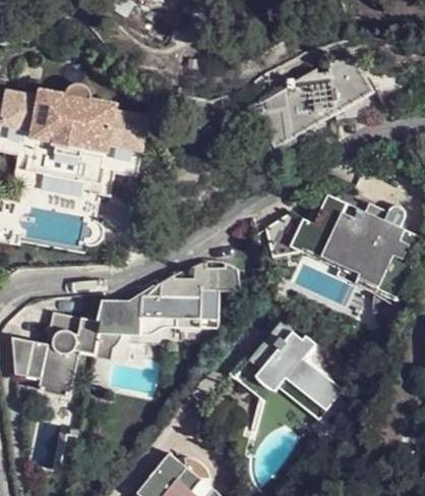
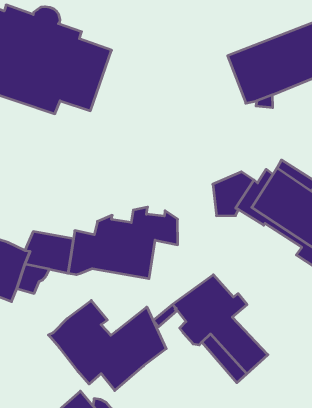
building: none -> [48,300,166,391]

